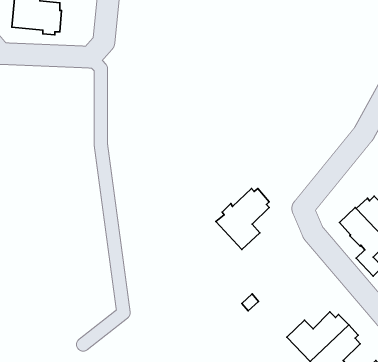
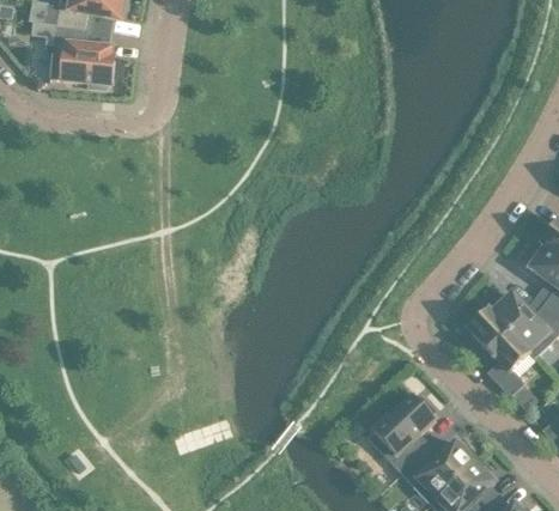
building: [216,189,269,250] -> [367,395,436,473]

